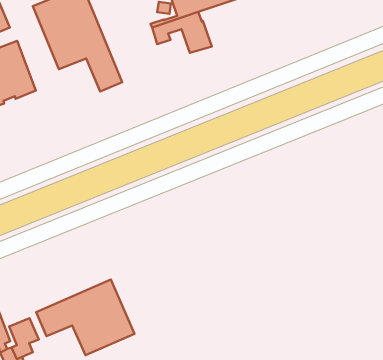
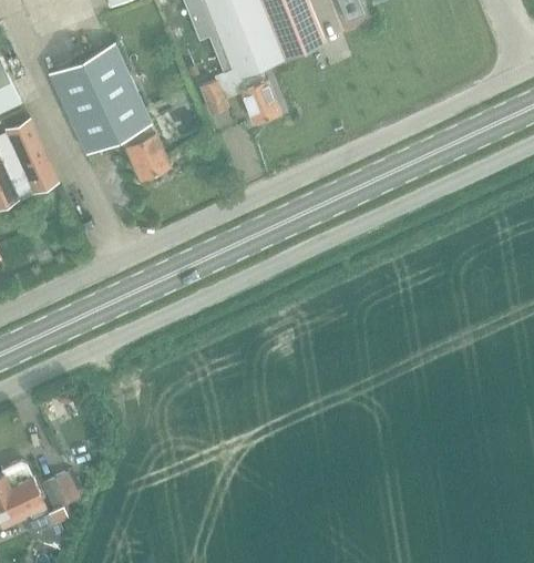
building: [36,279,134,355] -> none

